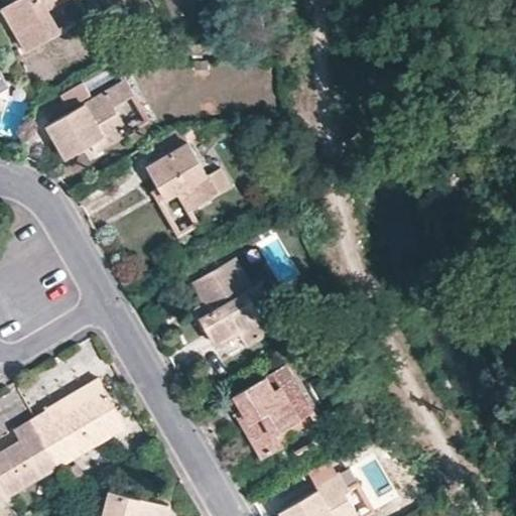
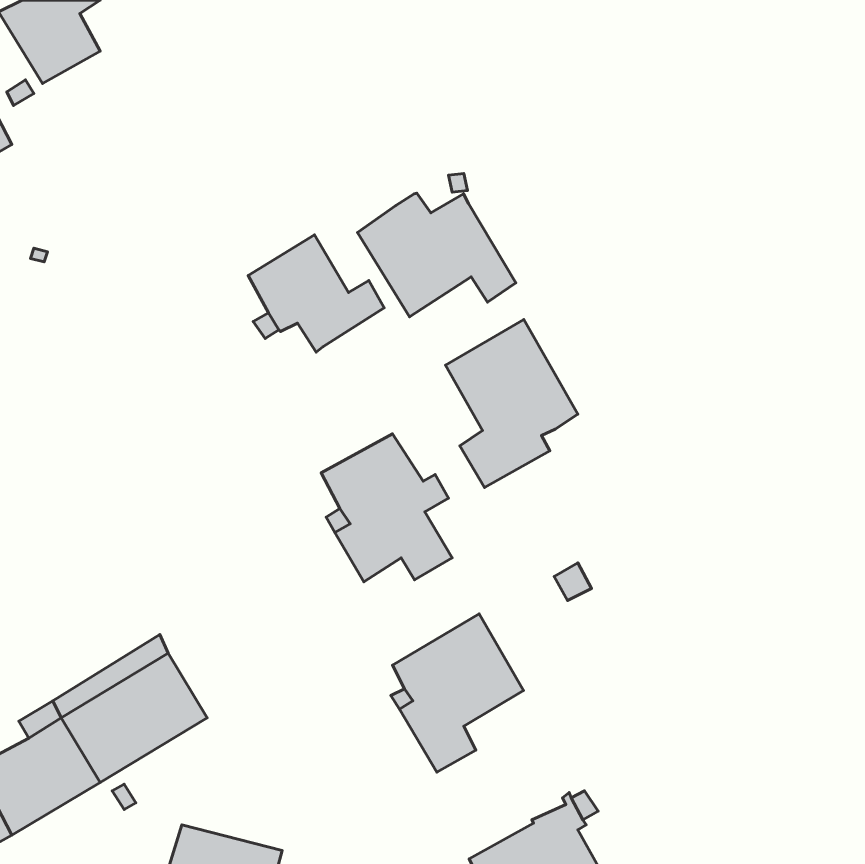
building: [45,79,133,158] -> none
building: none -> [358,193,516,317]
building: none -> [446,320,578,488]

